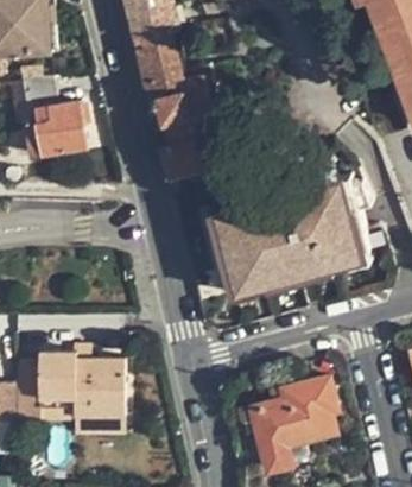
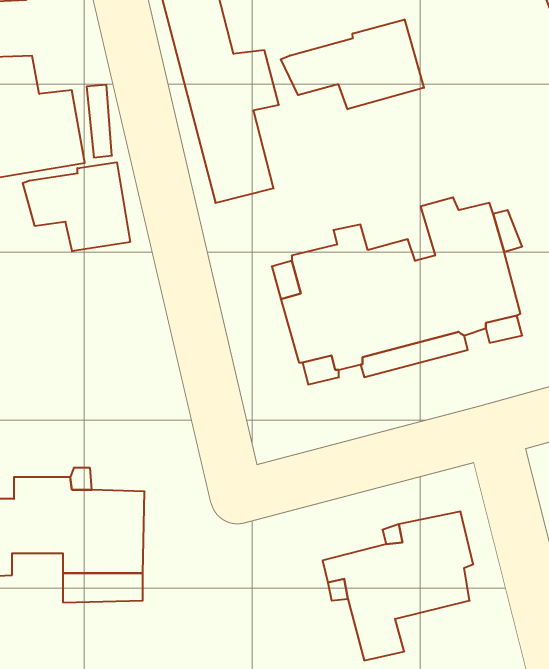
building: none -> [281,19,424,109]
building: none -> [23,162,130,251]

